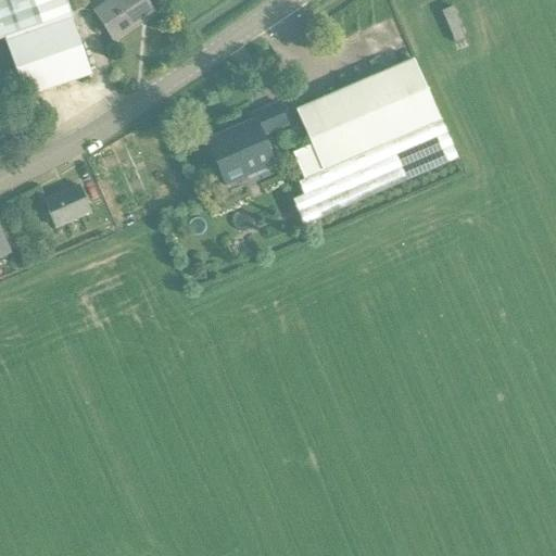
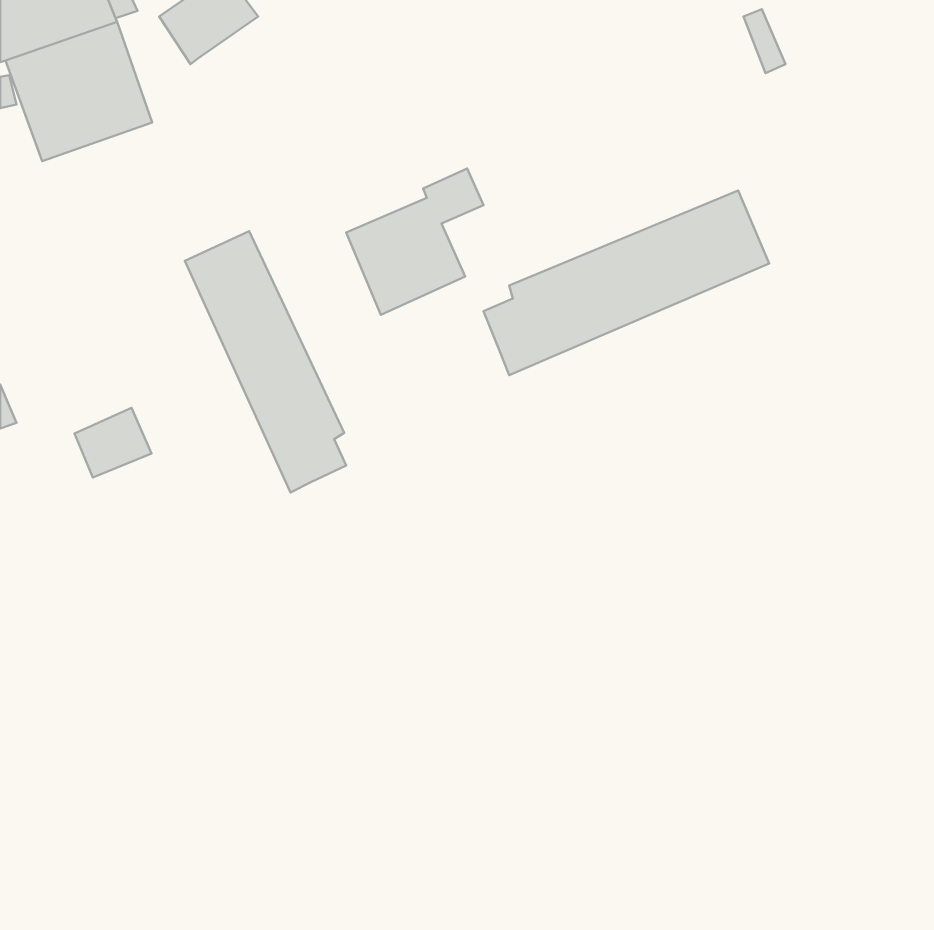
building: [294,56,439,169] -> none
building: none -> [185,231,346,493]
building: [45,184,90,225] -> [75,408,152,477]

